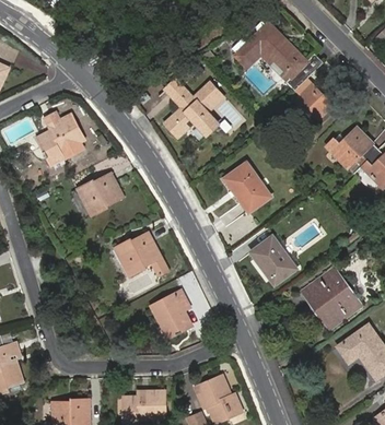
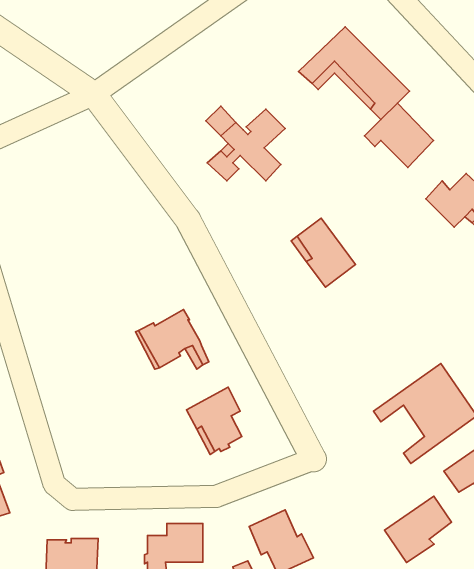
building: [36,110,83,162] -> none
building: [77,170,121,212] -> none
building: [253,236,299,286] -> none
building: none -> [384,496,451,563]

